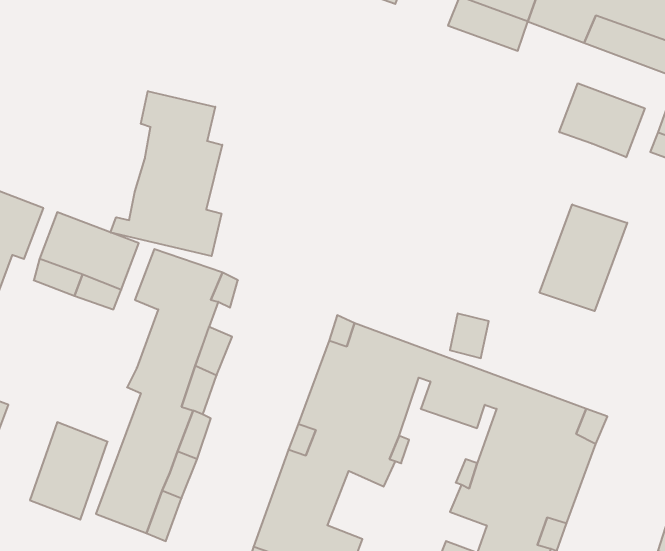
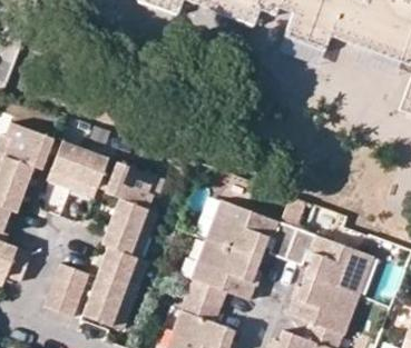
building: [559,83,645,157] -> none
building: [111,91,222,256] -> none
building: [540,204,627,311] -> none

